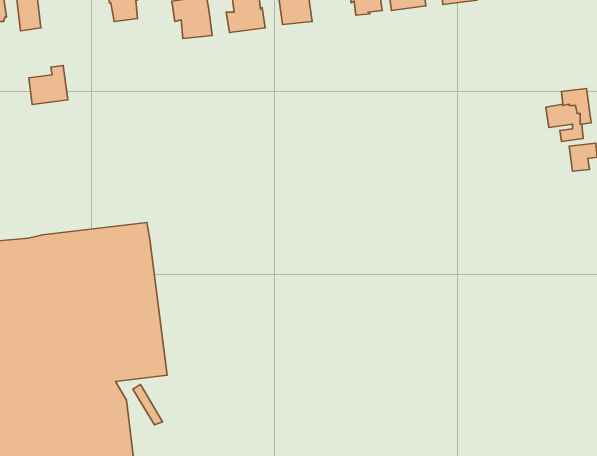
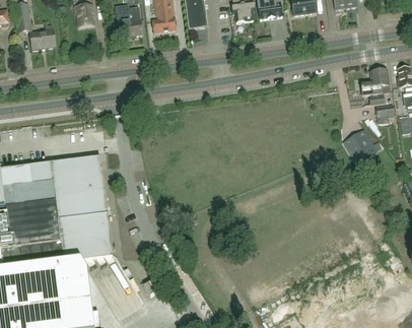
building: [29,66,68,104] -> [30,23,56,49]
building: none -> [343,129,376,162]

